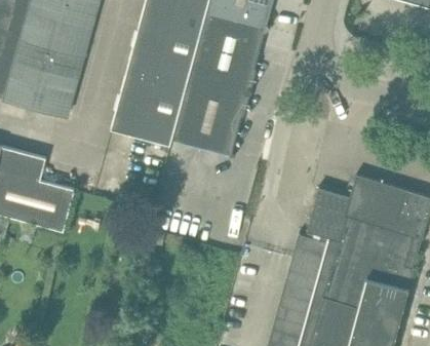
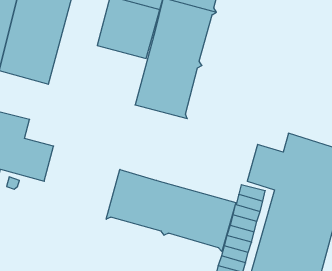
building: [111,69,186,145] -> none
building: none -> [106,169,236,251]

